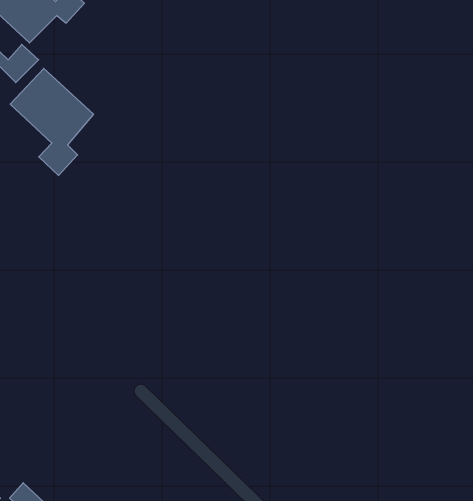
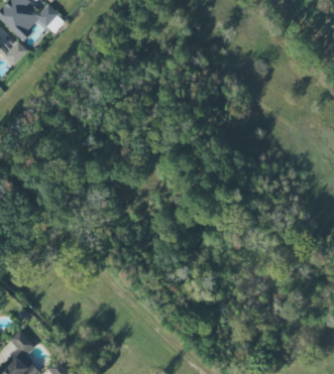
building: [10,68,93,175] -> none

